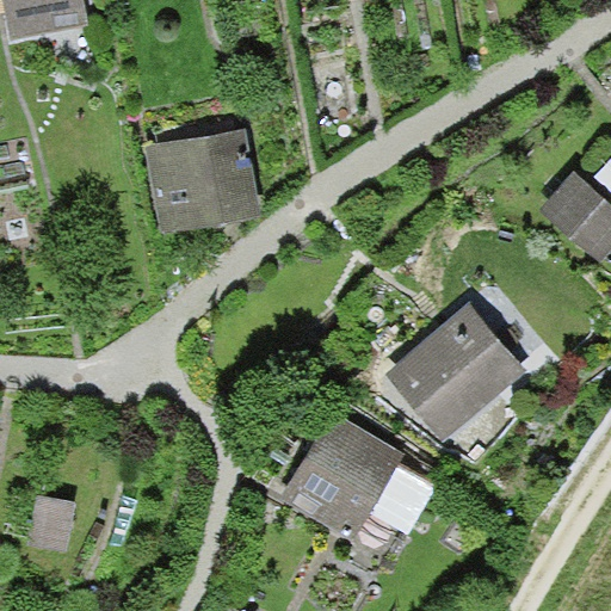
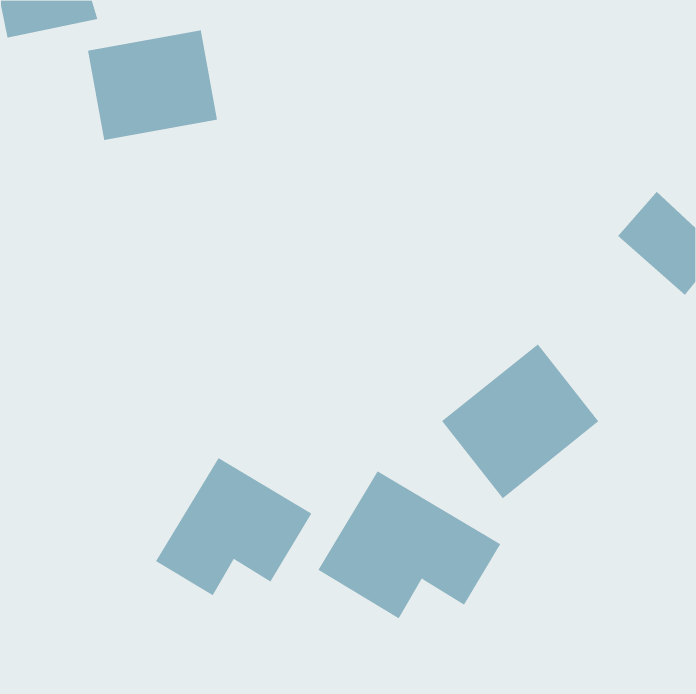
building: [144,131,259,228] -> [87,30,218,140]
building: none -> [155,457,312,596]

